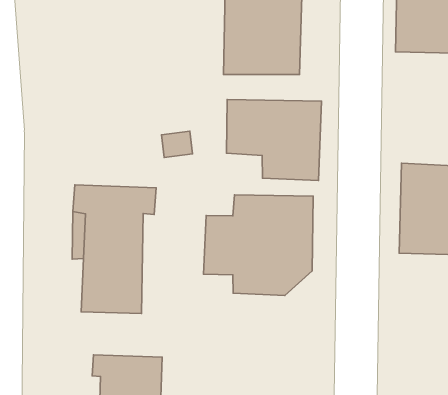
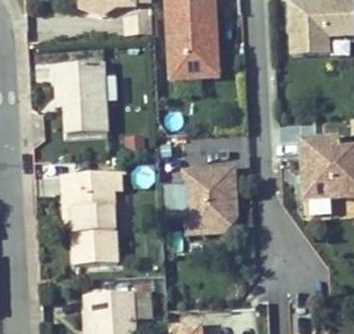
building: none -> [56,57,108,129]
building: [226,99,322,180] -> none

